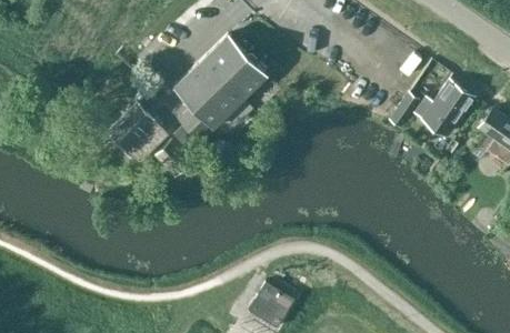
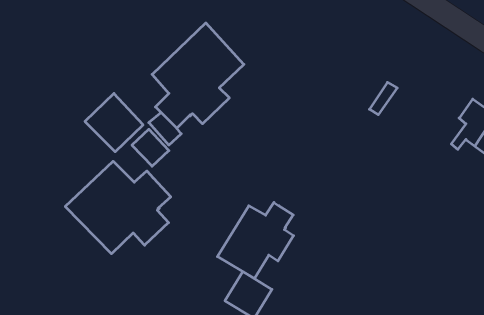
building: [414,78,470,135] -> none
building: none -> [65,161,171,254]
building: none -> [217,202,294,278]

